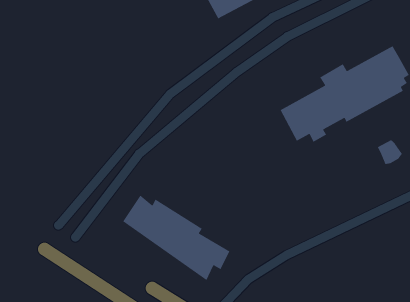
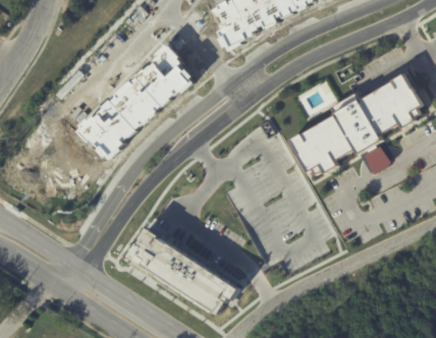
building: none -> [74,42,189,160]
building: [377,139,403,165] -> [366,147,392,173]

